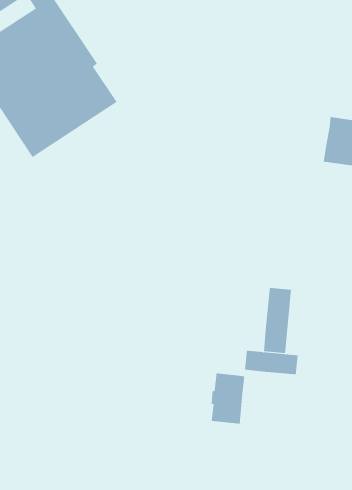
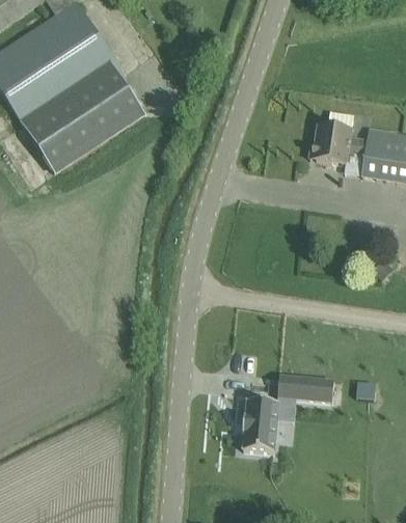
building: none -> [312,114,368,163]
building: [263,287,291,354] -> none

